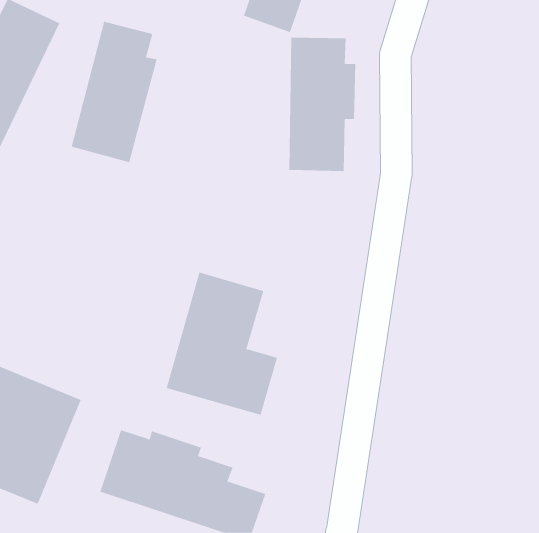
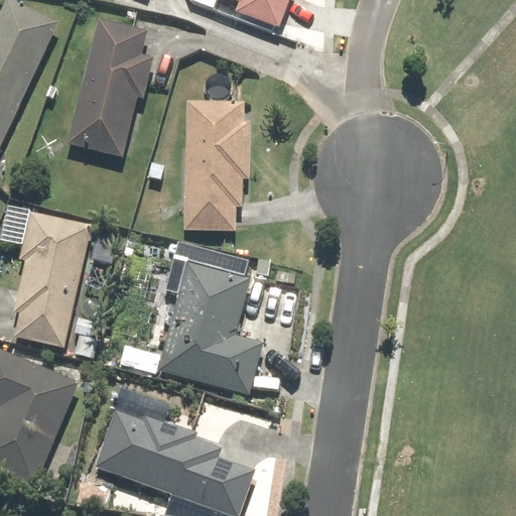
building: [288,37,356,171] -> [183,100,248,228]
building: none -> [14,211,93,347]

